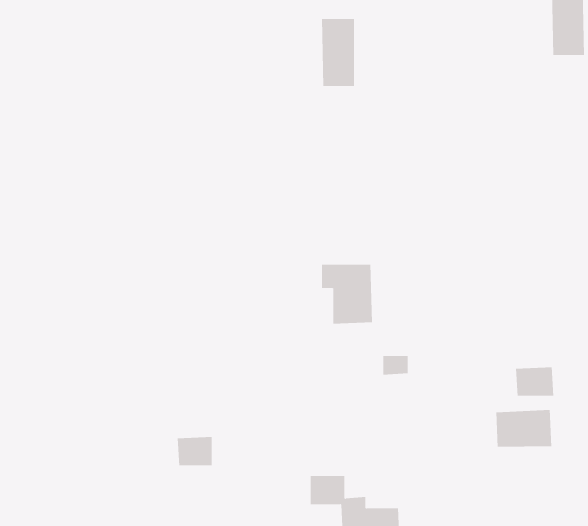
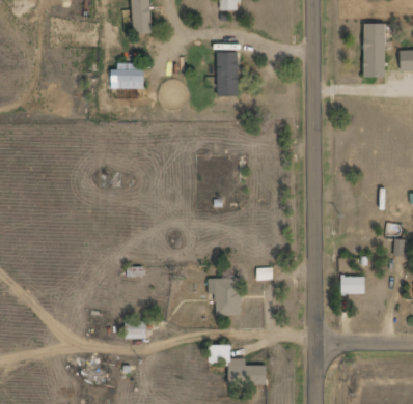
building: none -> [110,62,144,89]
building: [321,264,373,324] -> [208,278,241,316]
building: [496,409,552,447] -> none

